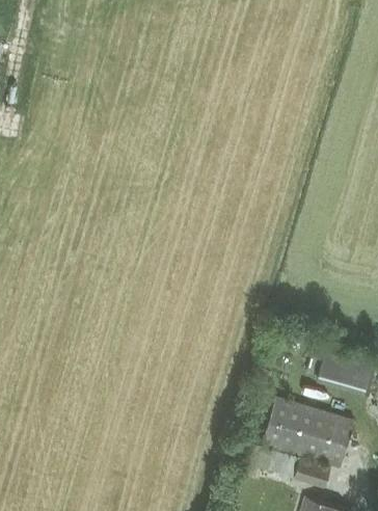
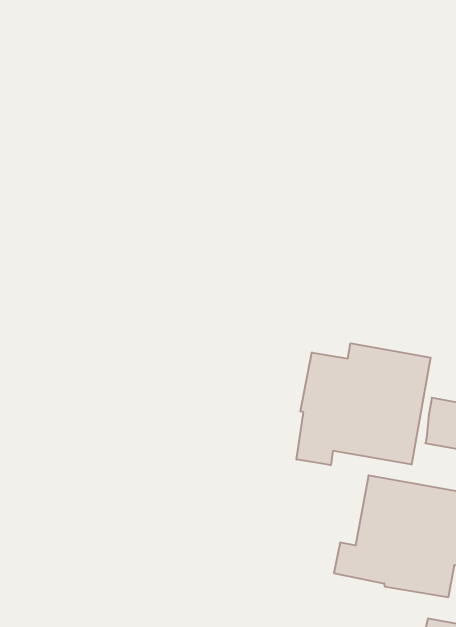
building: none -> [296,343,431,465]

